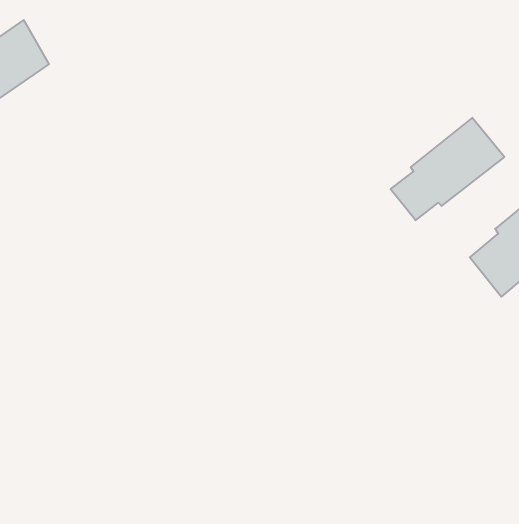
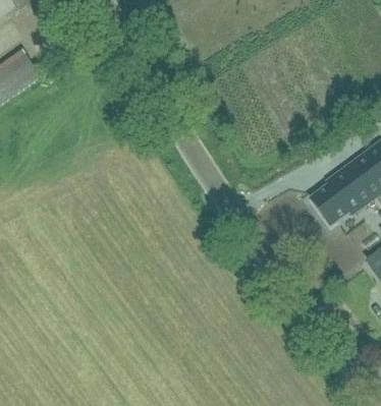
building: [391,118,504,220] -> none

